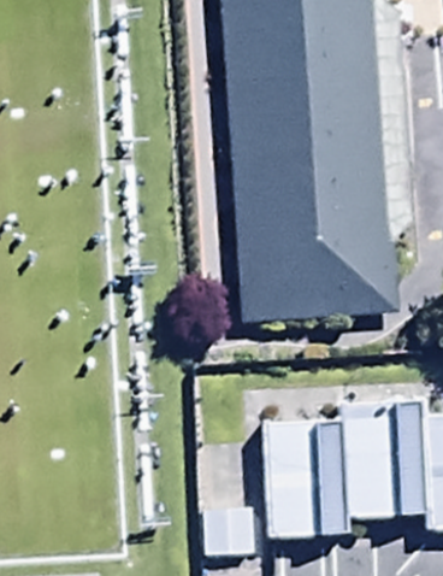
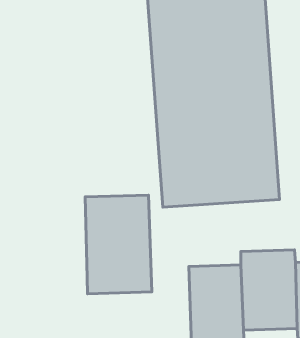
building: none -> [85,195,152,294]

